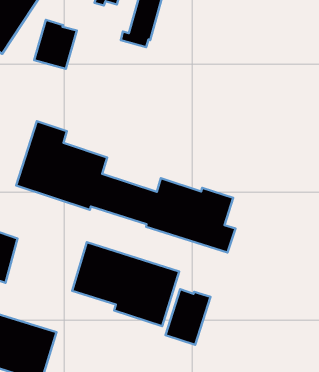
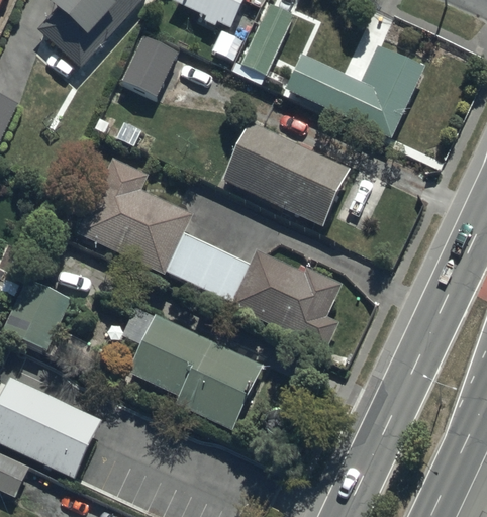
building: none -> [286,45,423,137]
building: none -> [222,120,350,226]
building: [166,289,210,345] -> none

